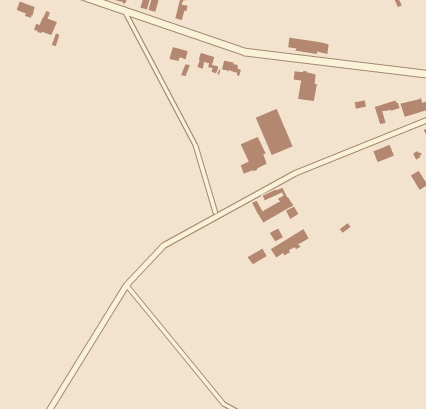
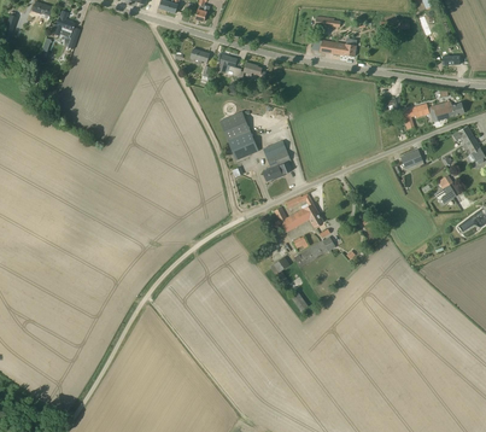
building: [293,70,317,102] -> none
building: [255,108,293,156] -> [218,111,258,160]

